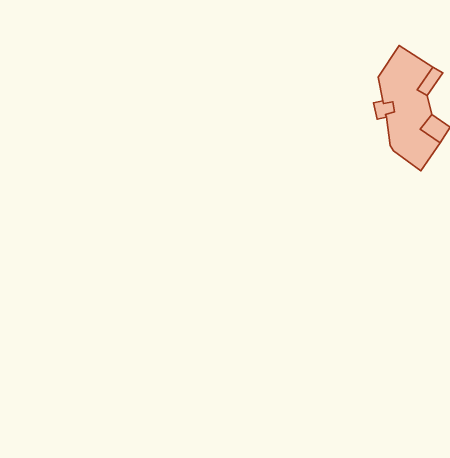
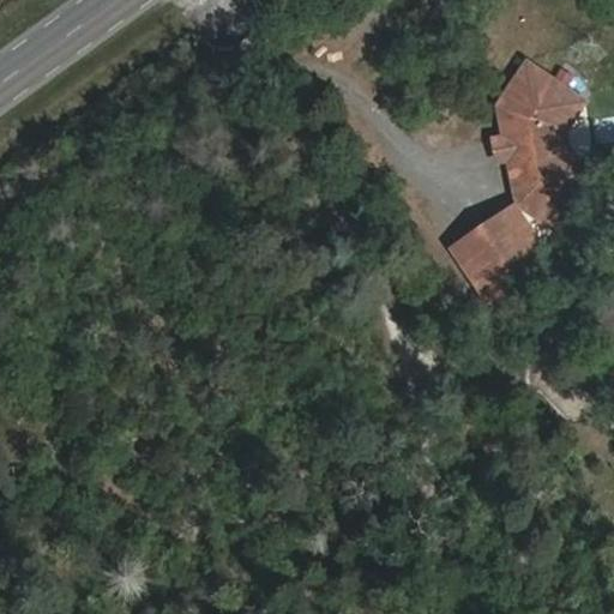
building: none -> [450,201,549,296]

